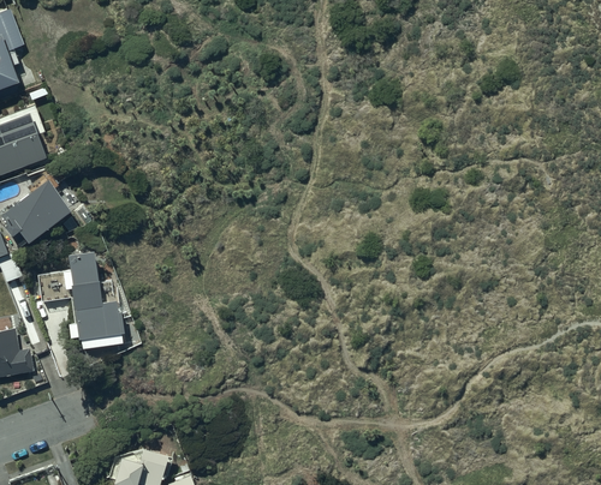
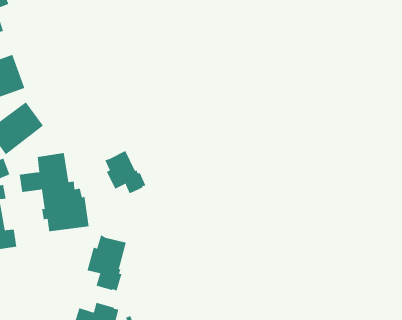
building: none -> [104,150,146,194]
building: none -> [87,235,127,292]

